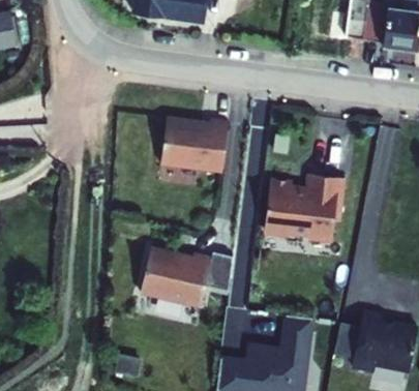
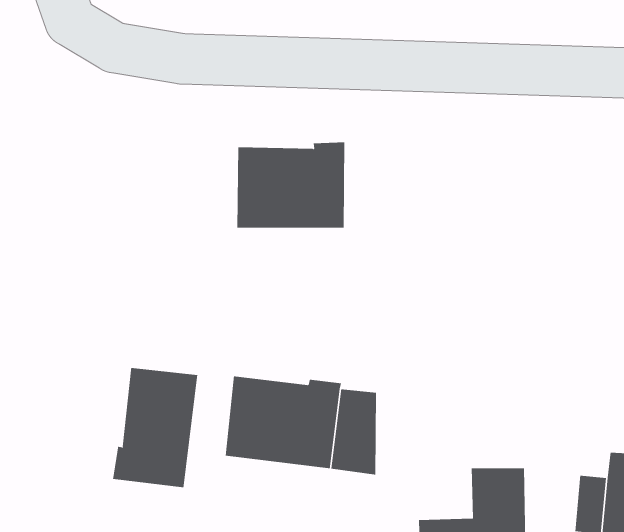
building: [268,171,348,238] -> none
building: none -> [113,367,198,488]

